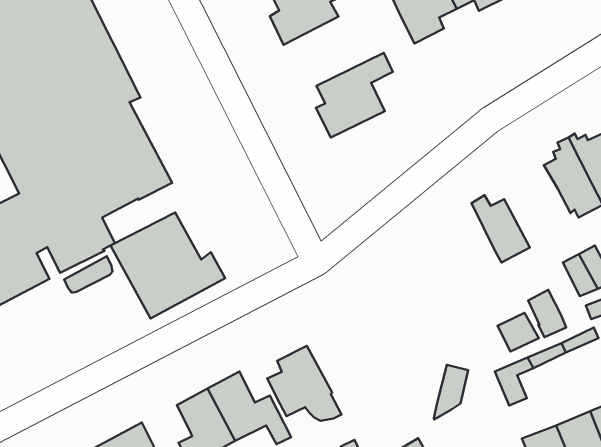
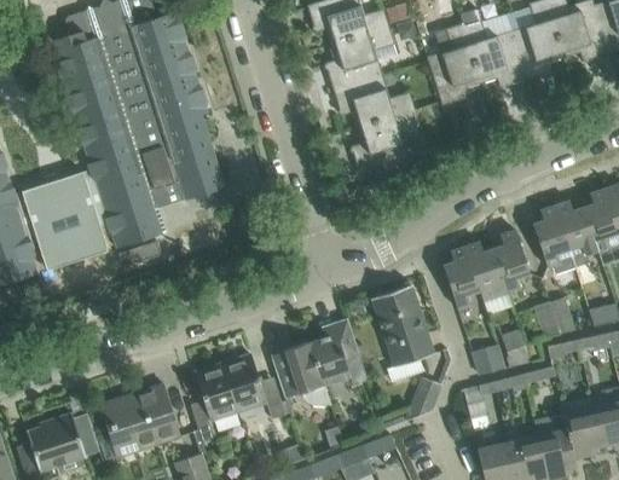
building: none -> [334,73,416,127]
building: none -> [496,229,531,290]
building: none -> [444,245,481,308]
building: [110,212,225,319] -> none
building: none -> [372,284,434,366]
building: none -> [312,317,369,384]

